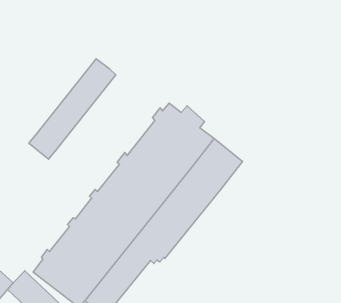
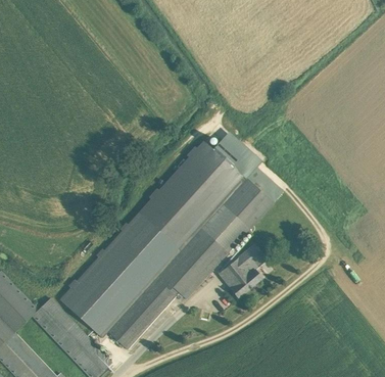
building: [29,59,116,159] -> none
building: none -> [221,245,262,298]

